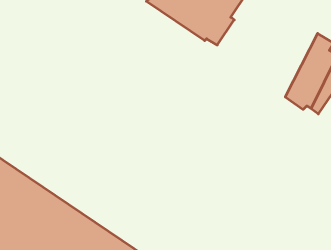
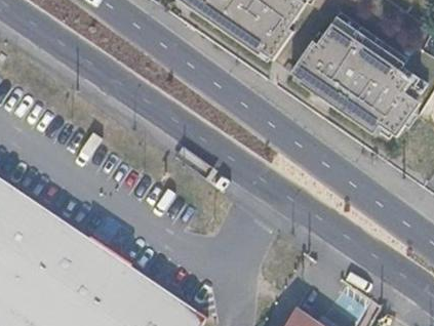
building: none -> [282,13,387,120]

